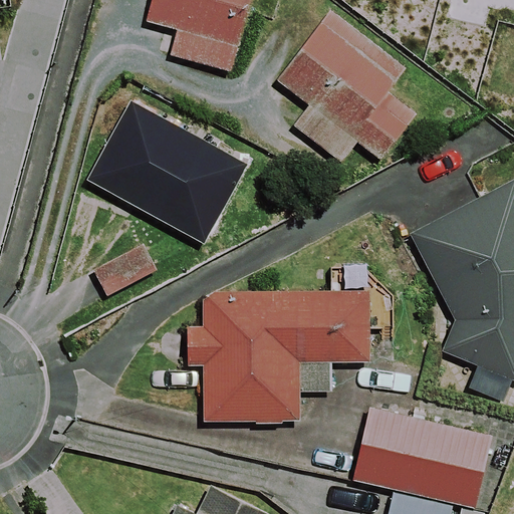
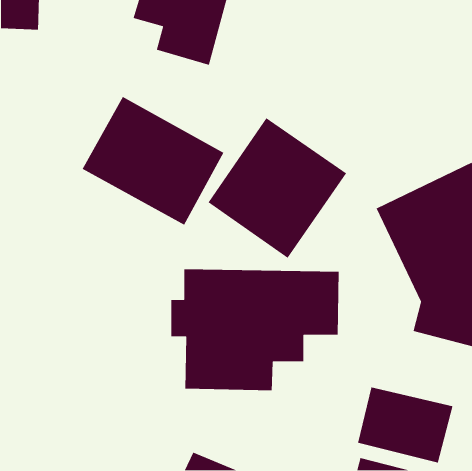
building: [278,11,421,160] -> none
building: none -> [208,117,347,259]

